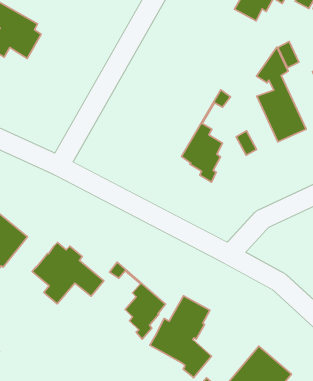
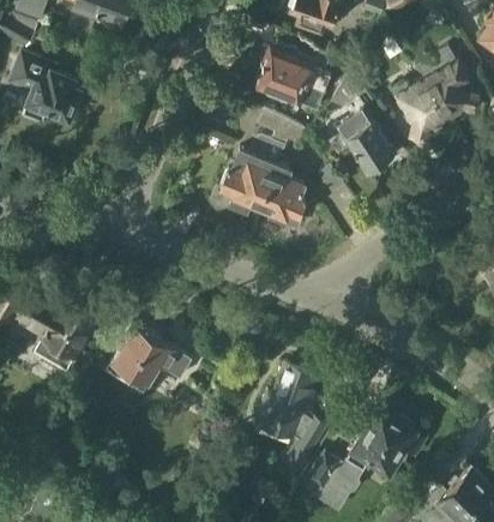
building: none -> [257,54,331,113]
building: none -> [211,112,293,211]
building: [110,262,165,339] -> none

